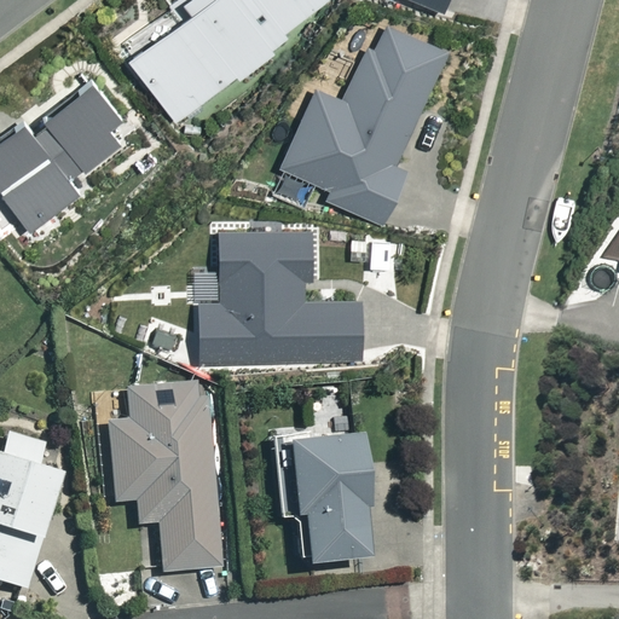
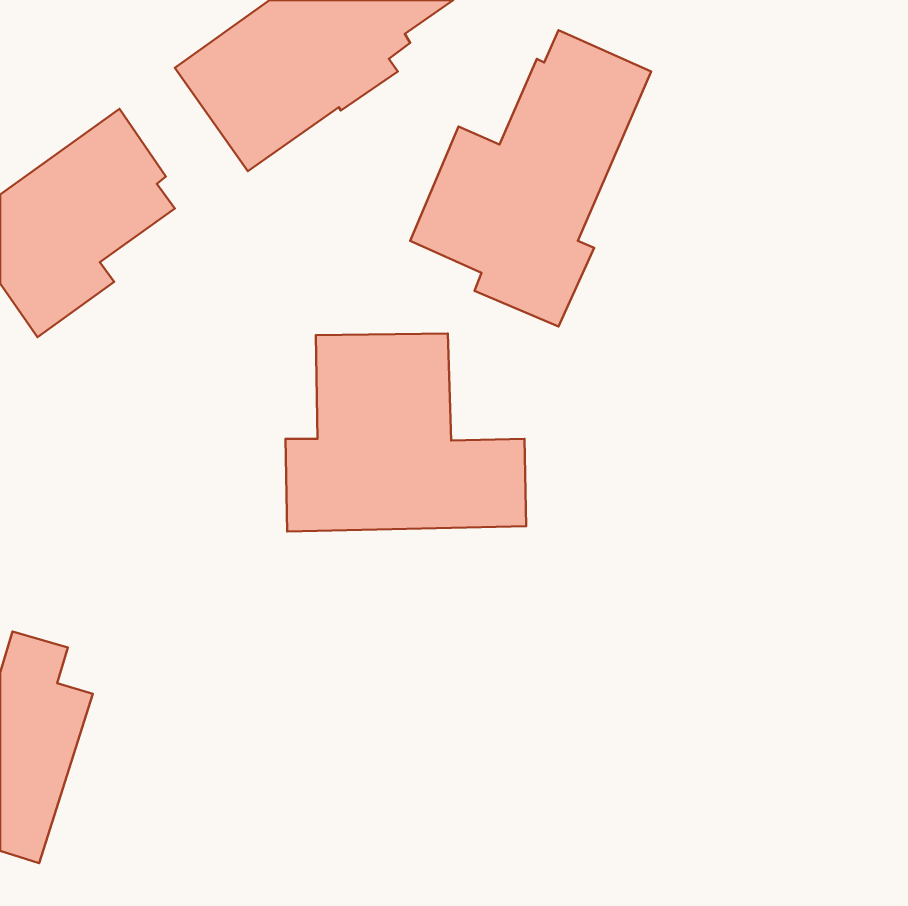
building: [110,387,222,574] -> none
building: [282,441,381,575] -> none

